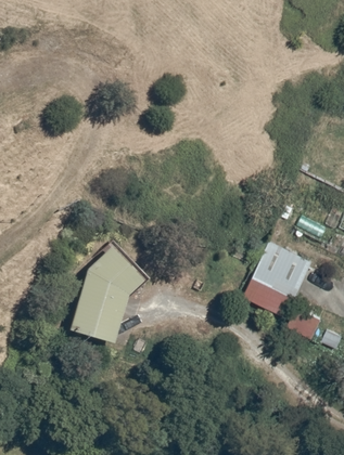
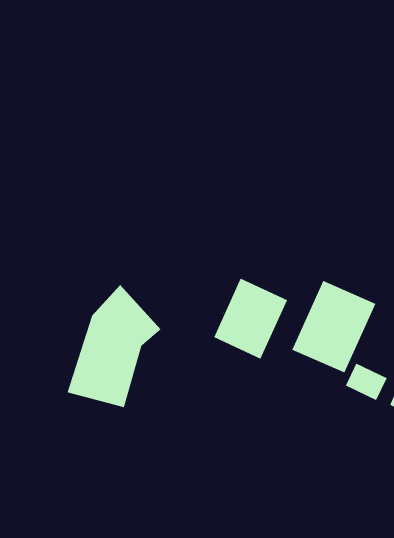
building: none -> [213,277,288,360]

